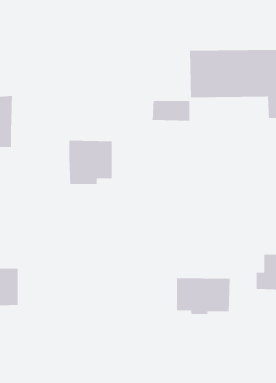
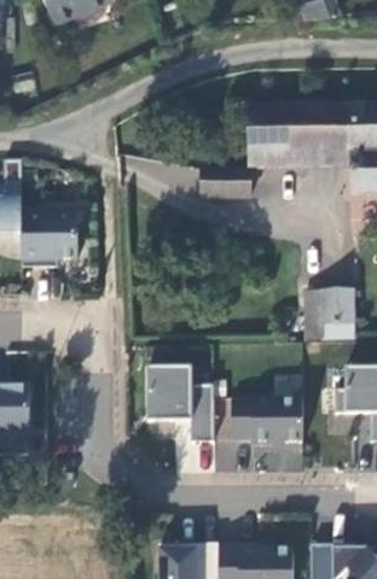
building: [68,140,113,185] -> [21,207,77,265]
building: none -> [306,287,354,338]
building: none -> [147,364,213,440]

